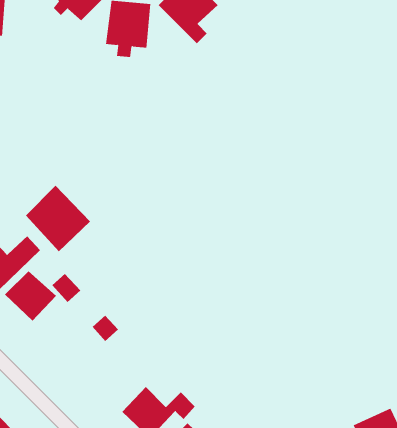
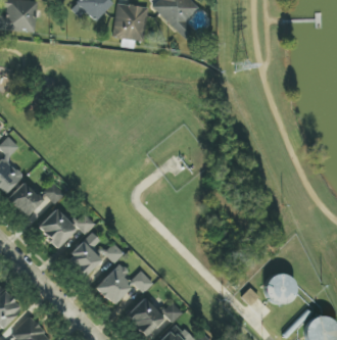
building: [25,185,91,252] -> none
building: none -> [66,233,101,277]
building: none -> [95,263,153,305]
building: none -> [261,271,298,308]

